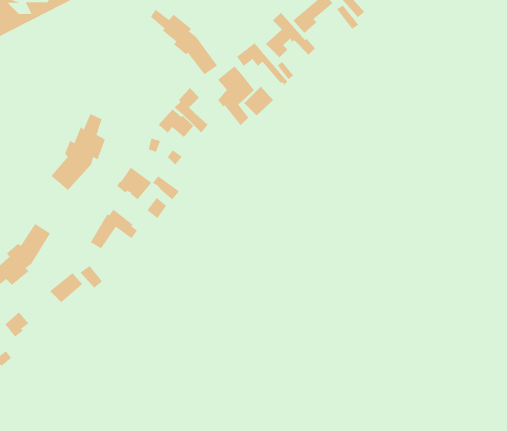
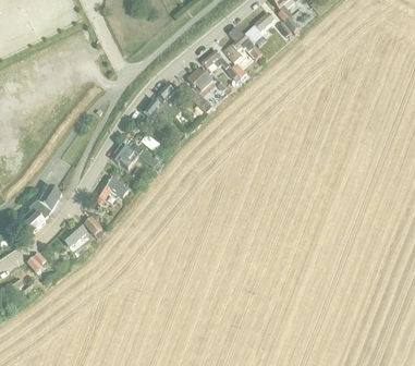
building: [150,9,218,75] -> none
building: [51,113,106,191] -> none

